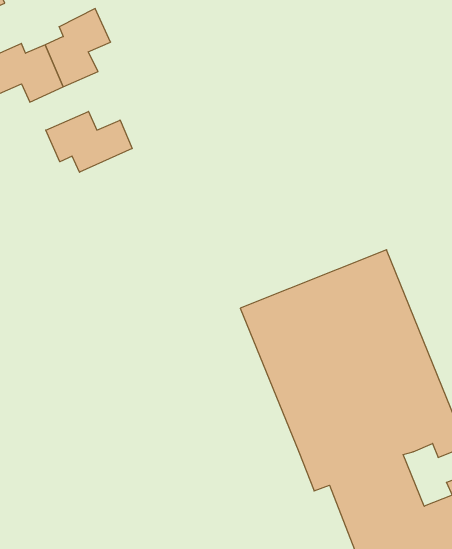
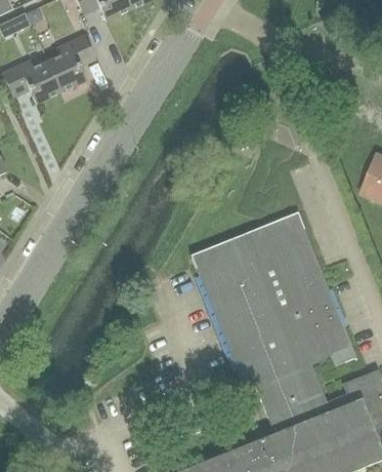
building: [46,111,132,172] -> none

